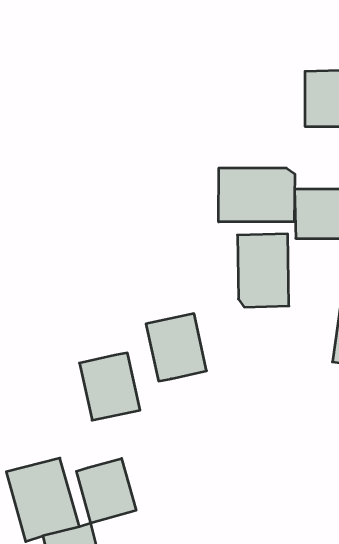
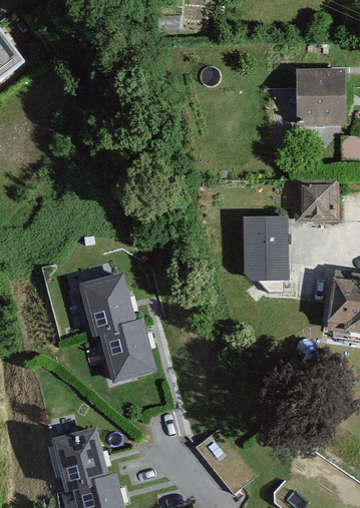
building: [219,168,295,222] -> none
building: [146,314,207,381] -> [82,274,135,333]
building: [76,458,136,523] -> none

